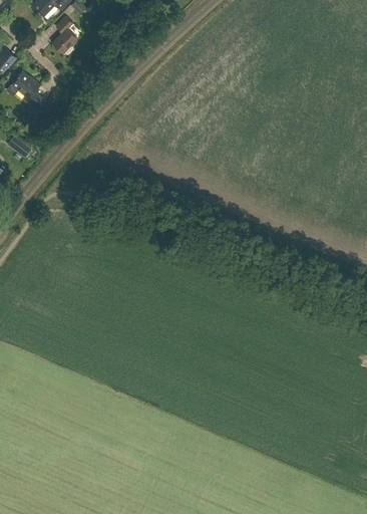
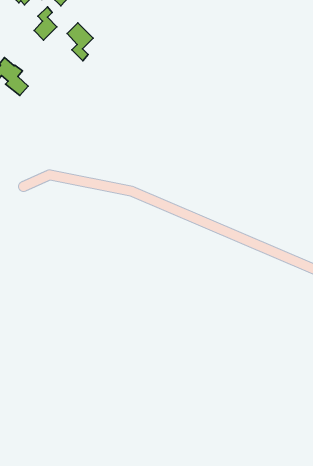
building: none -> [67,23,93,61]

